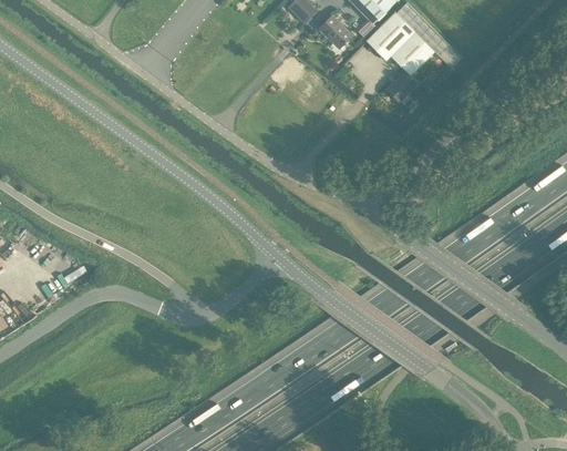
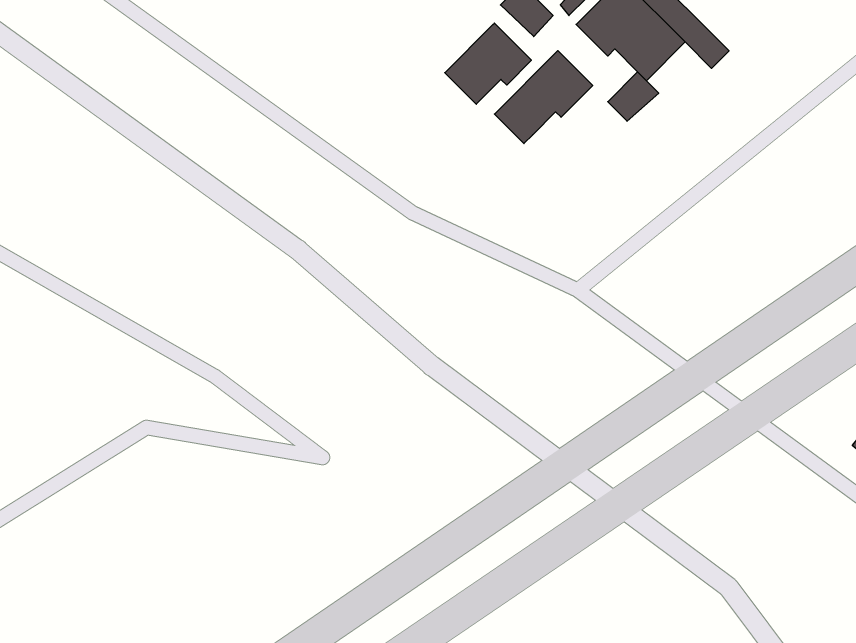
building: none -> [445,23,531,104]
building: none -> [494,51,593,144]

